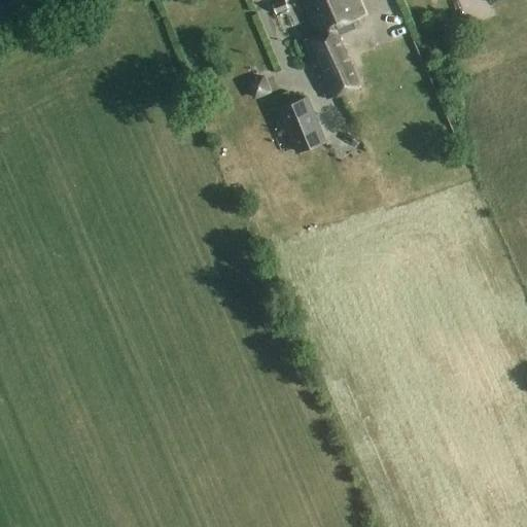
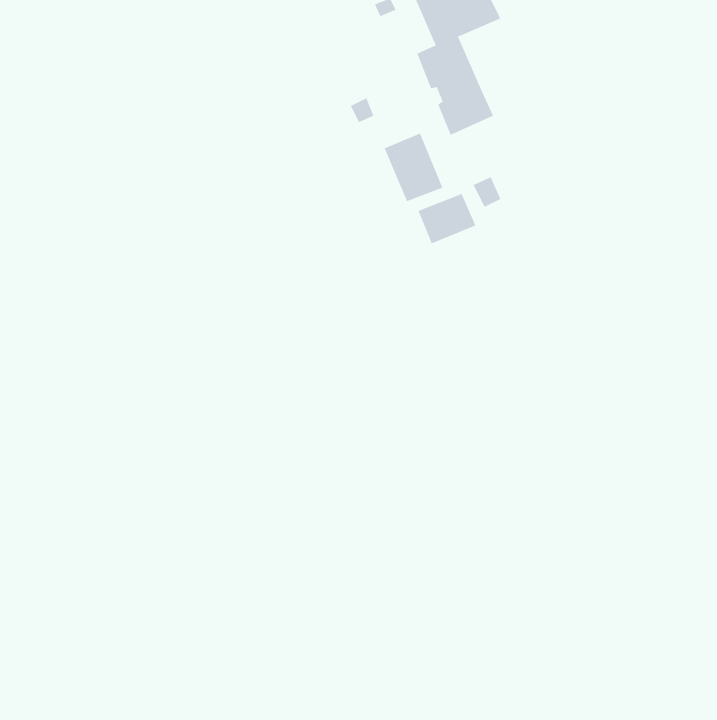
building: none -> [418,193,476,244]

